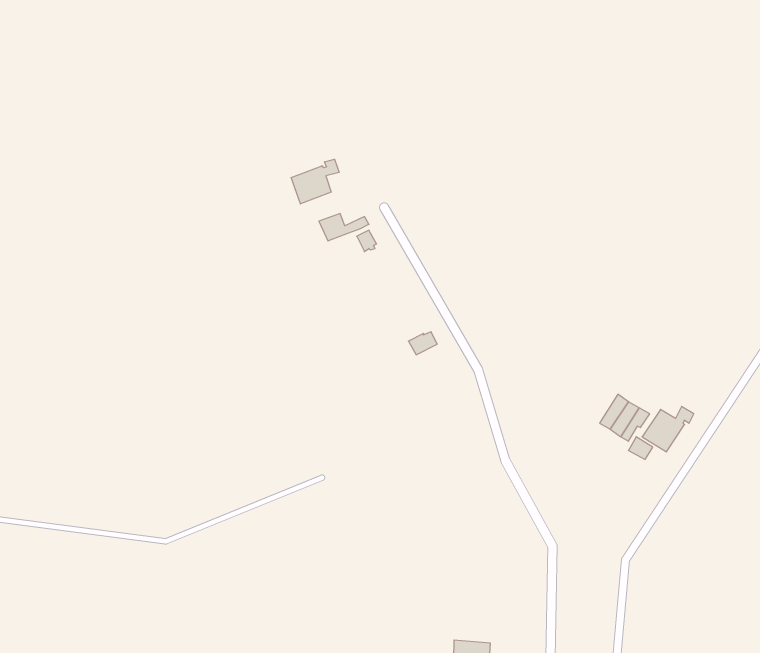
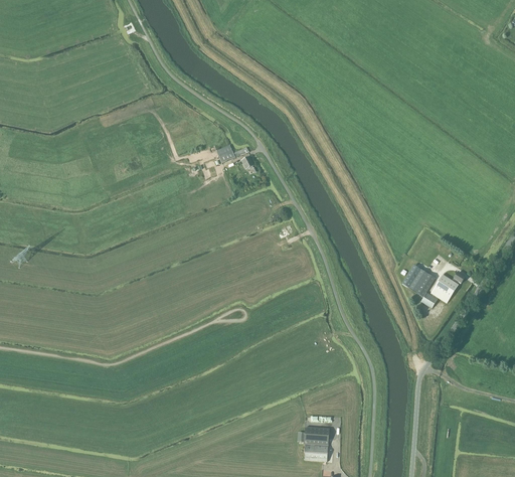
building: [291,159,339,204] -> none

